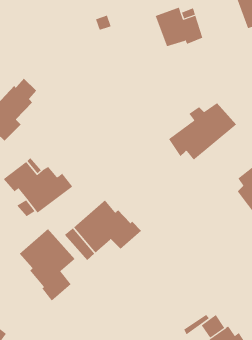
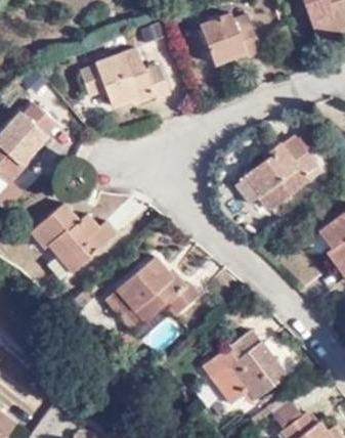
building: none -> [96,52,181,99]
building: [19,228,76,301] -> none
building: none -> [201,325,287,403]

